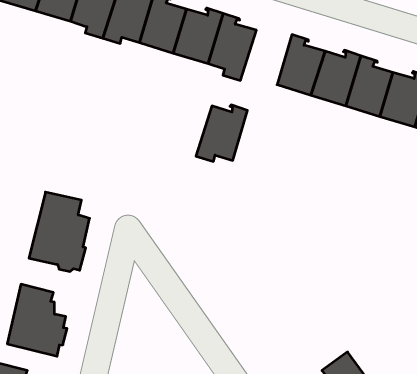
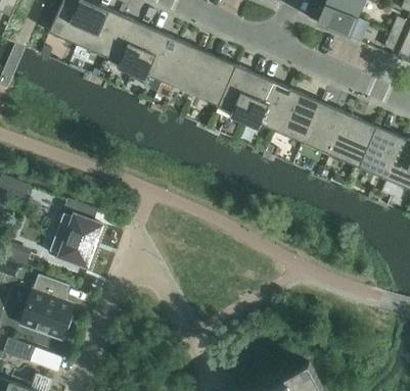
building: [196,105,247,161] -> [243,82,291,130]

